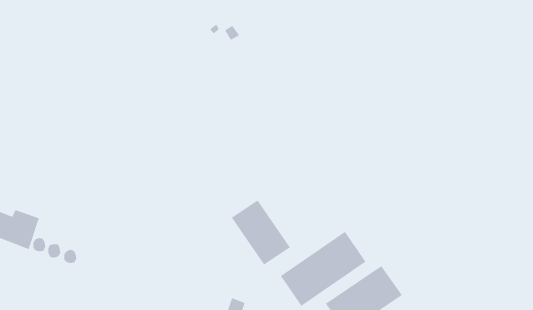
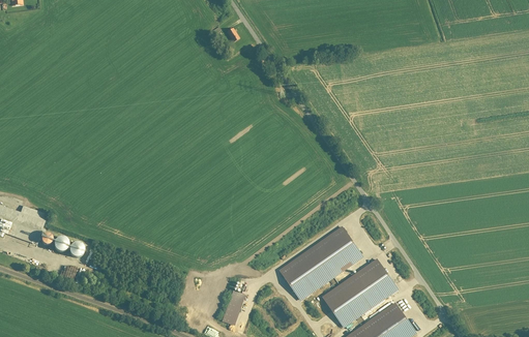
building: [231,199,291,265] -> none

